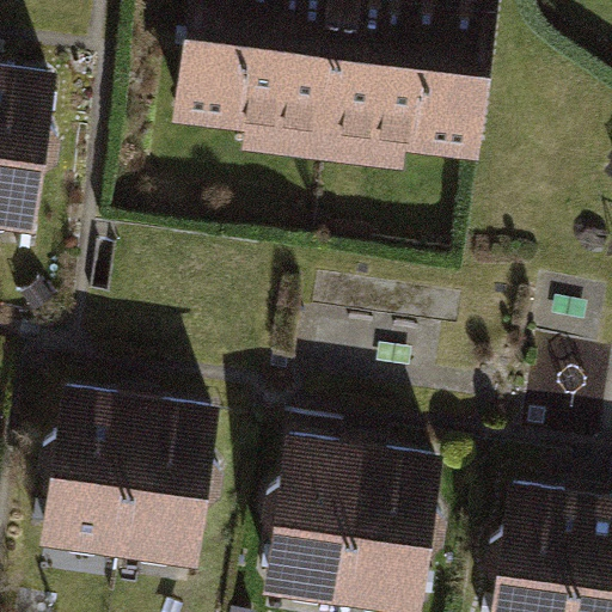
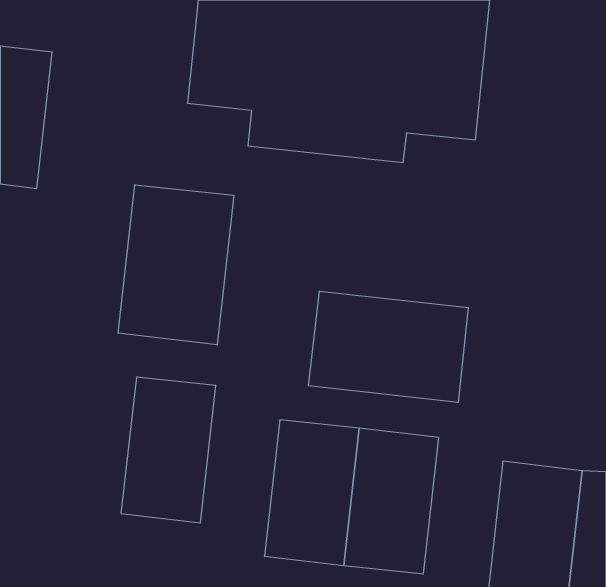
building: none -> [118,185,234,345]
building: none -> [308,291,468,403]
building: [42,390,137,537] -> none

